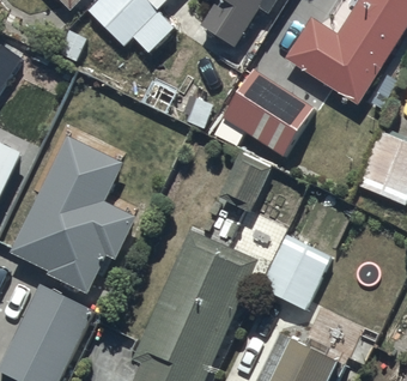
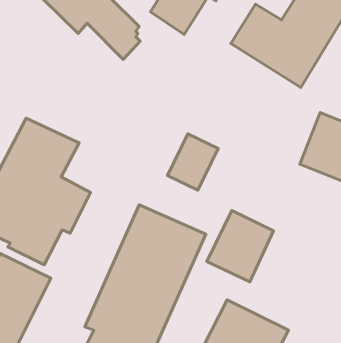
building: [223,71,312,156] -> none

